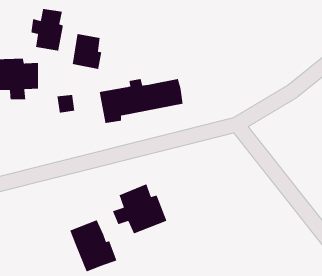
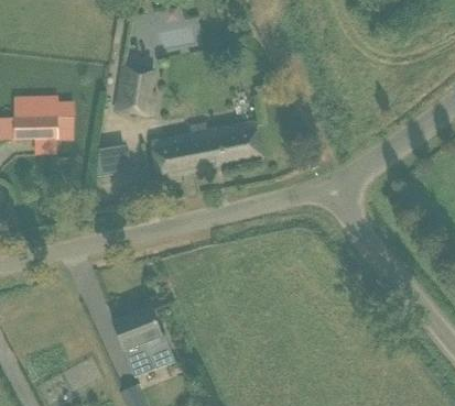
building: [30,8,64,52] -> none
building: [112,183,167,234] -> none

